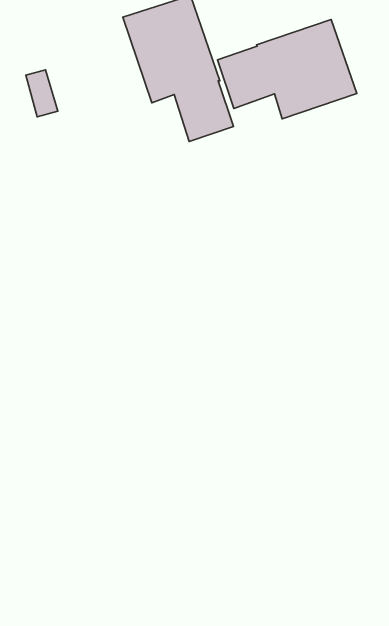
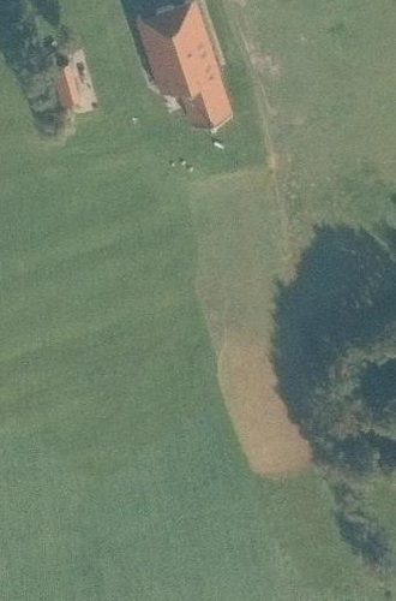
building: [218,19,357,119] -> none

